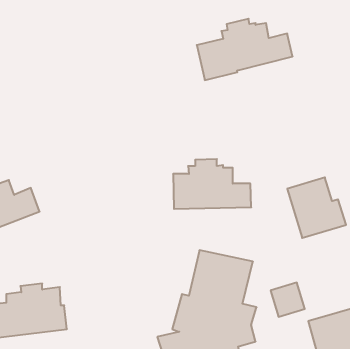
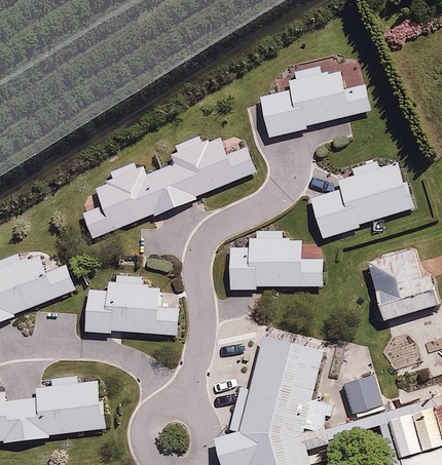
building: none -> [81,135,258,239]
building: none -> [310,160,414,238]
building: none -> [84,275,180,336]

